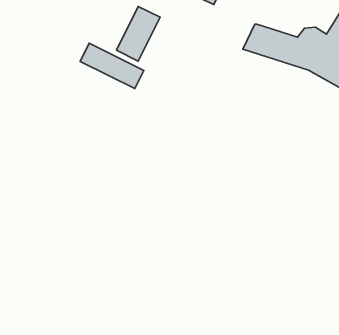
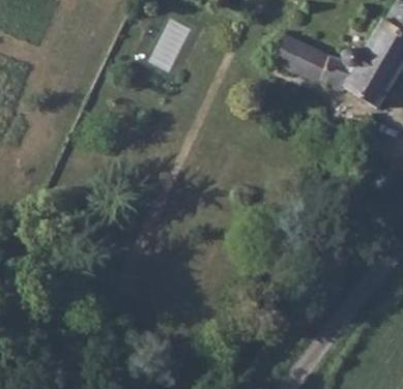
building: [80,43,144,89] -> none

